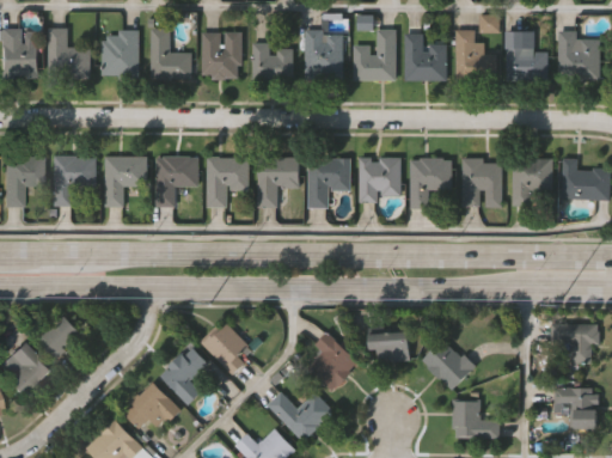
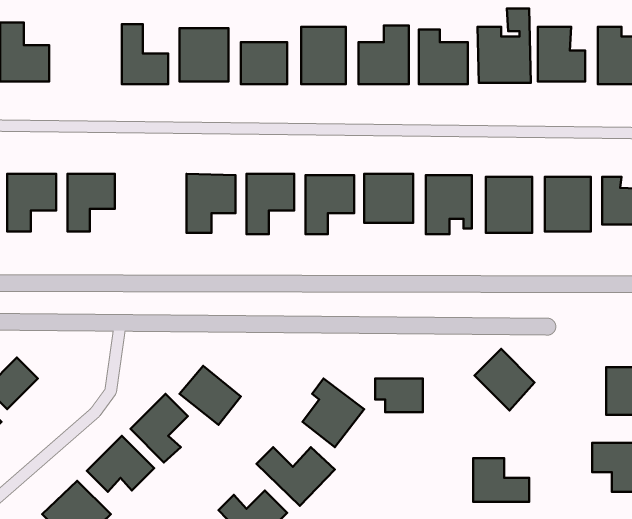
building: [103,30,139,78] -> none
building: [157,157,198,204] -> none
building: [422,336,473,389] -> [474,349,535,410]

